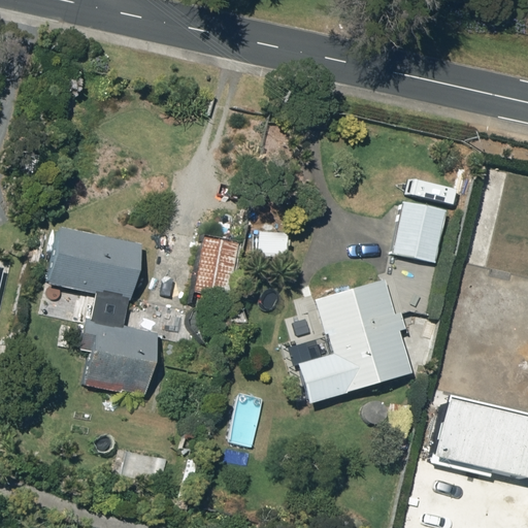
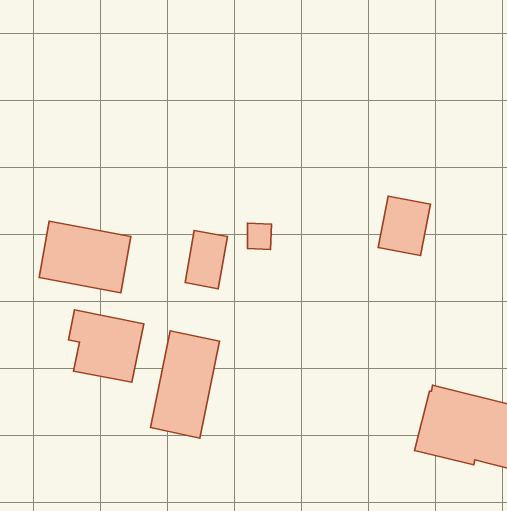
building: [296,280,414,404] -> none
building: none -> [150,331,219,438]

